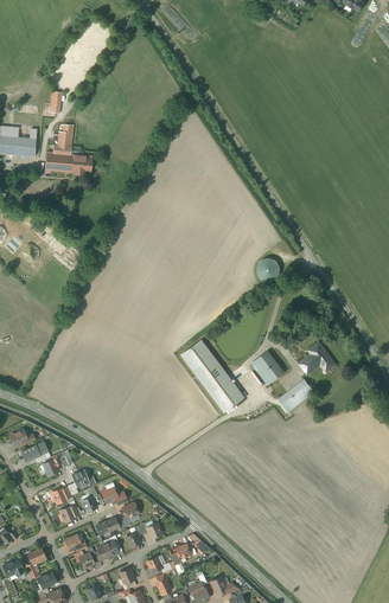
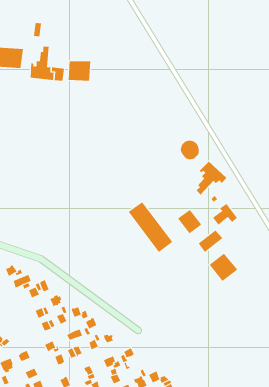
building: none -> [68,61,91,82]
building: none -> [196,161,227,195]
building: none -> [209,253,238,282]

